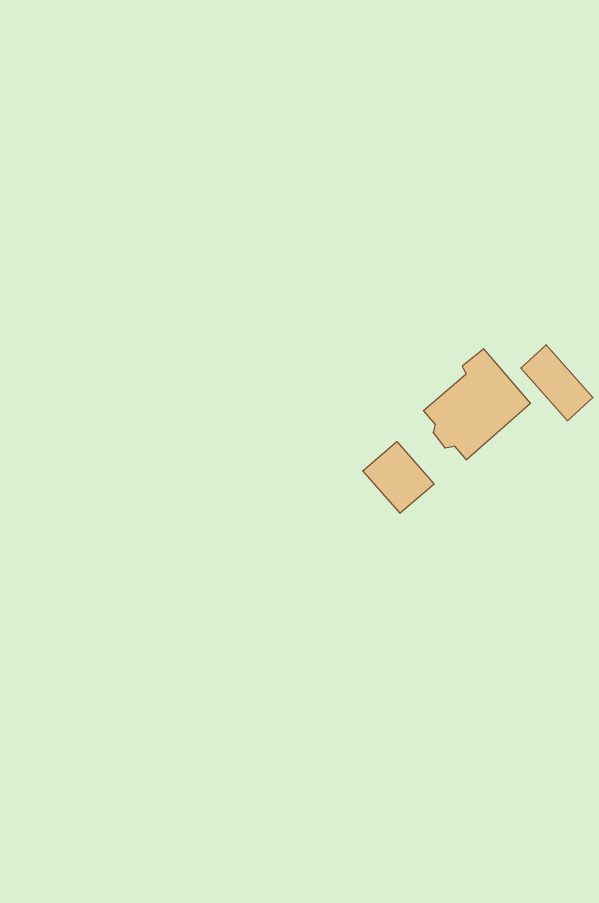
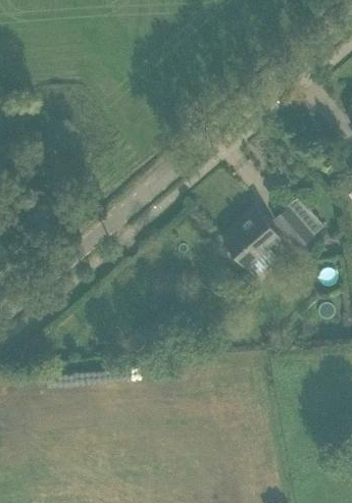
building: [363,442,434,513] -> none

